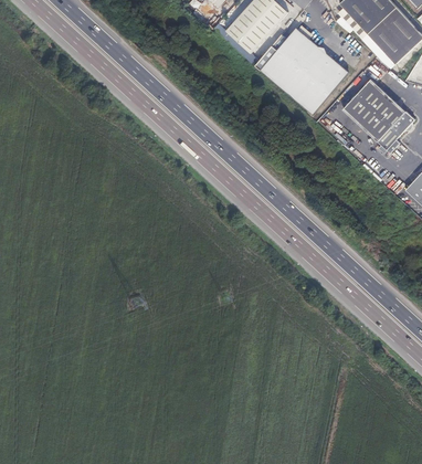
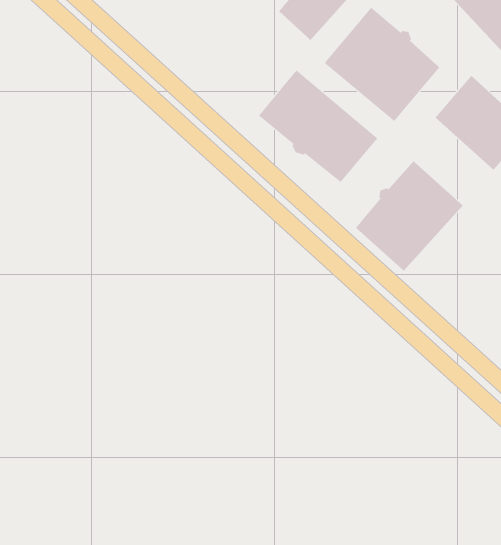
building: none -> [258,70,378,183]
building: none -> [355,161,464,272]

